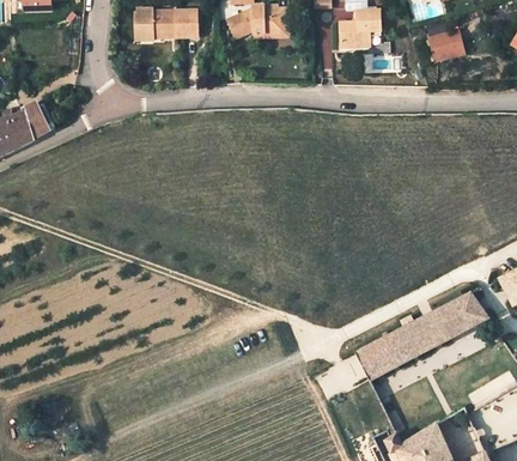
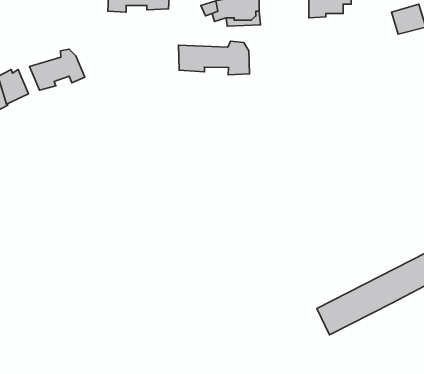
building: none -> [178,41,250,75]
building: none -> [30,49,85,90]

